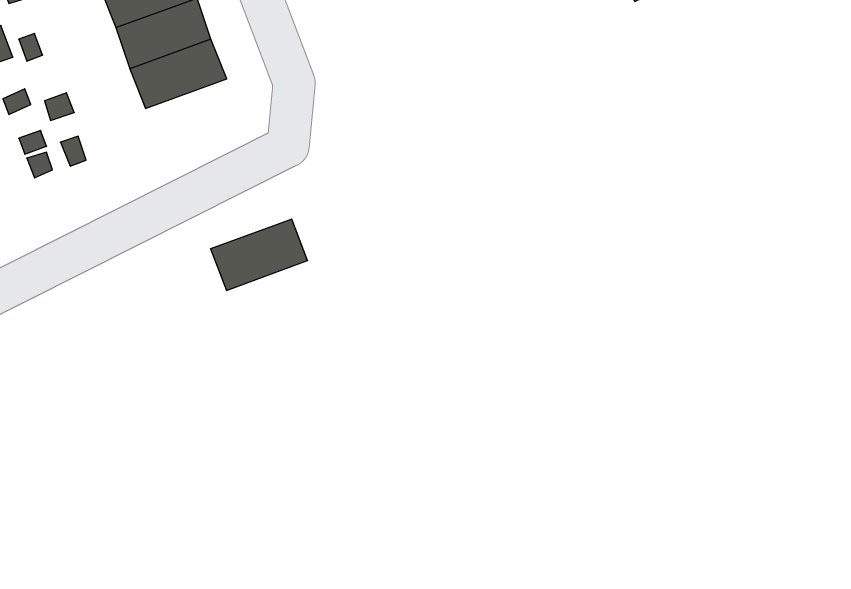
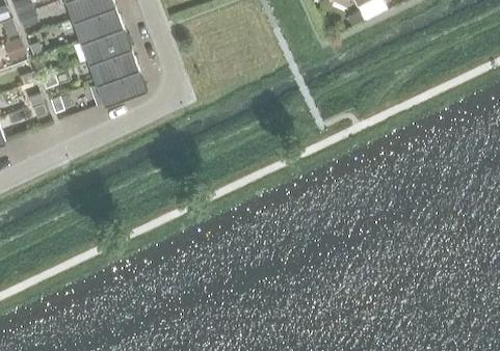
building: [211,219,308,290] -> [95,66,146,104]

